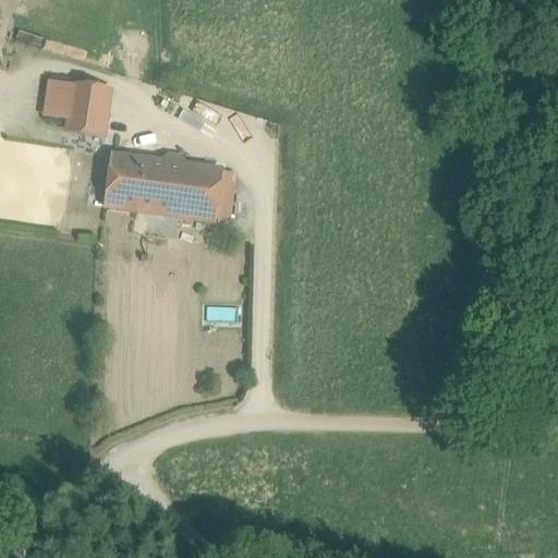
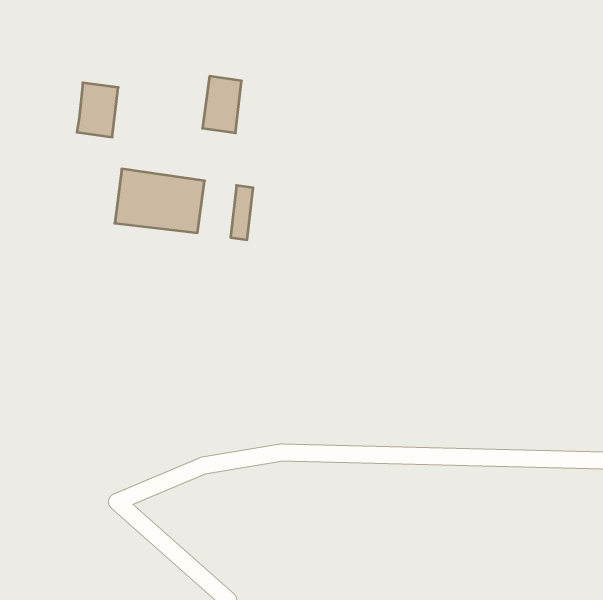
building: [41,73,76,109] -> none
building: [182,167,218,219] -> [202,76,242,133]

